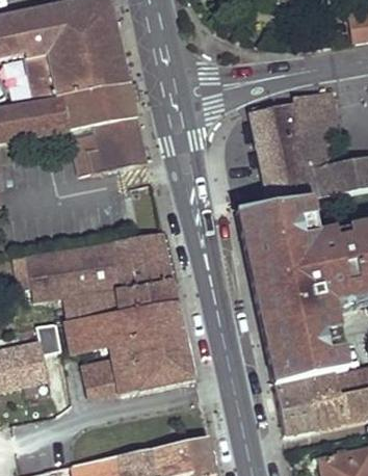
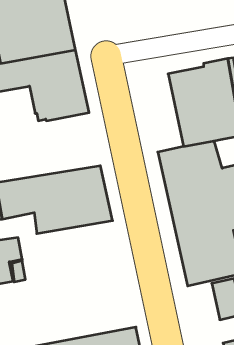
building: [64,301,193,396] -> none
building: [274,382,315,437] -> none

